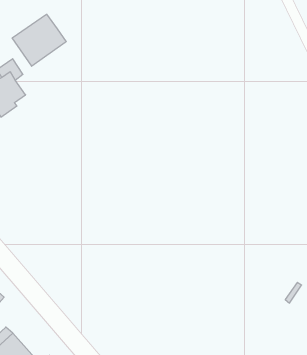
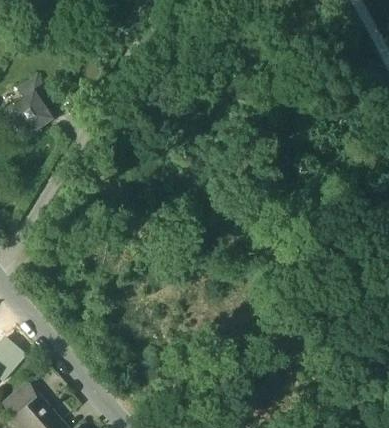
building: [12,14,66,66] -> none

